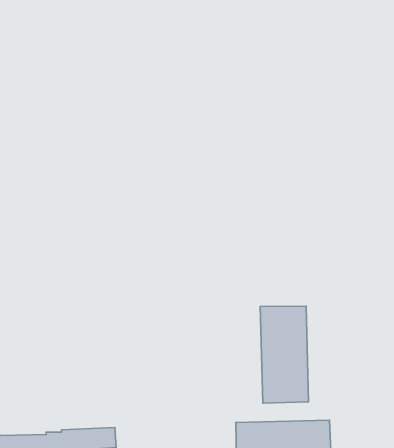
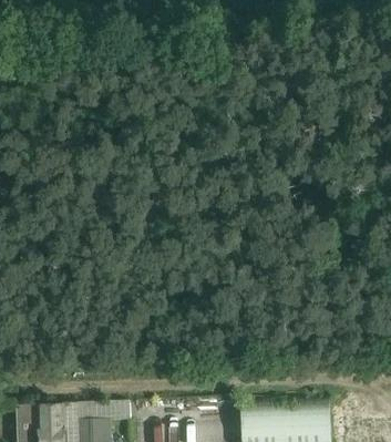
building: [260,306,309,403] -> none

